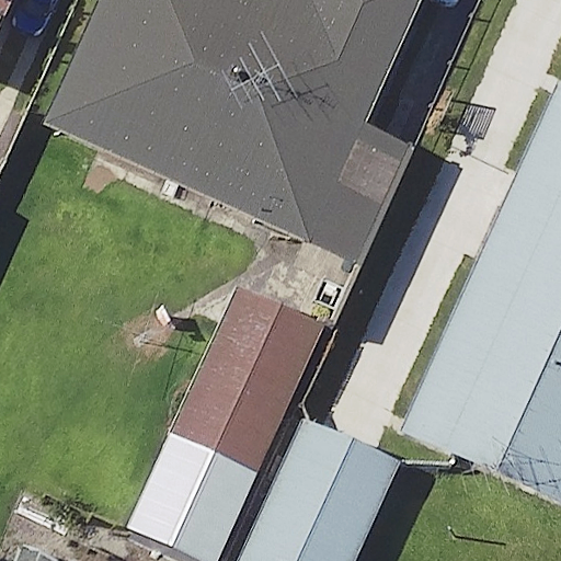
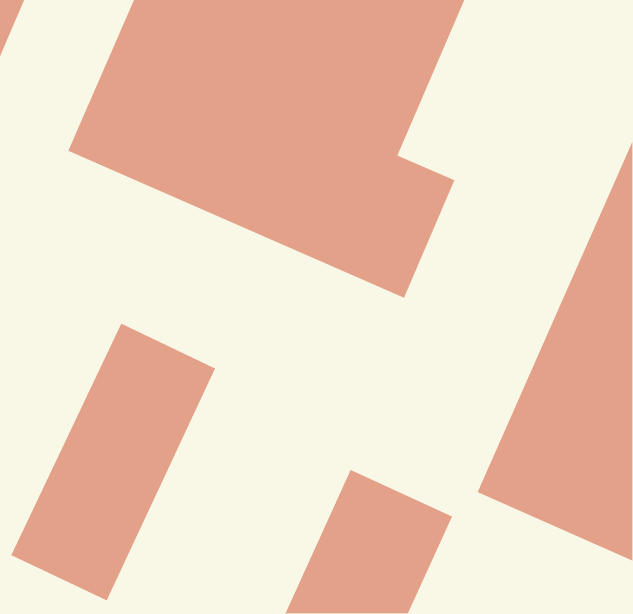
building: [138,291,320,538] -> [10,322,216,601]

